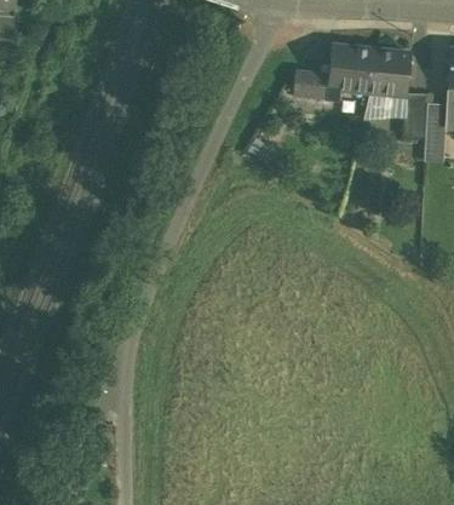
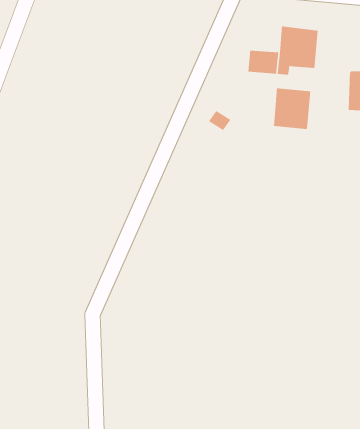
building: [368,48,410,94] -> [273,88,311,129]

